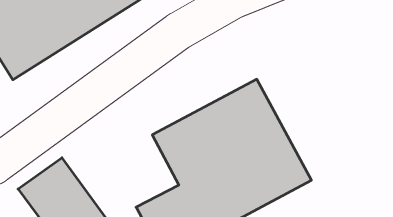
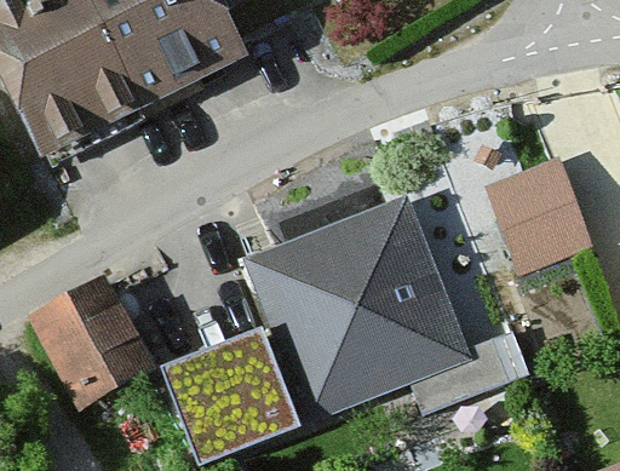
building: none -> [486,157,584,260]

